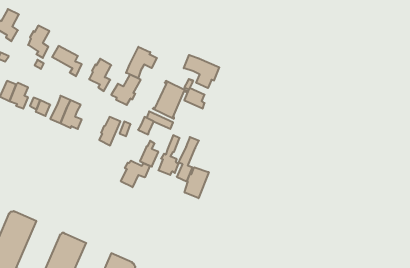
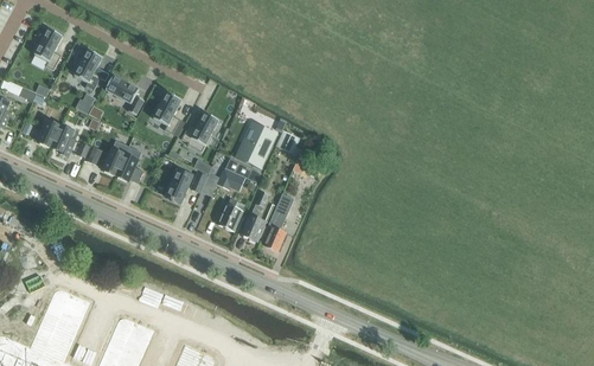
building: [126,47,157,78] -> none
building: [184,55,219,88] -> none
building: [121,161,150,187] -> none
building: [185,167,209,198] -> none

